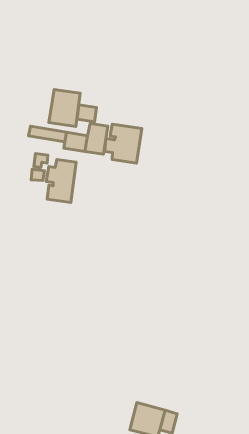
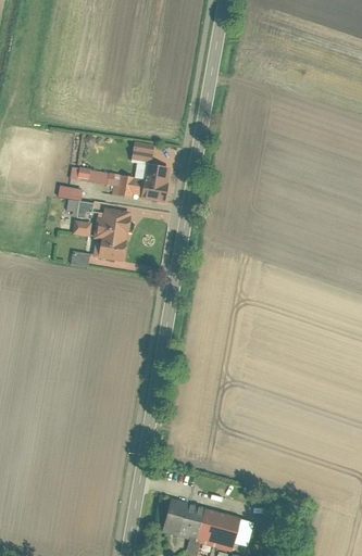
building: [49,89,80,127] -> none
building: [105,124,142,163] -> none
building: none -> [162,498,204,541]

